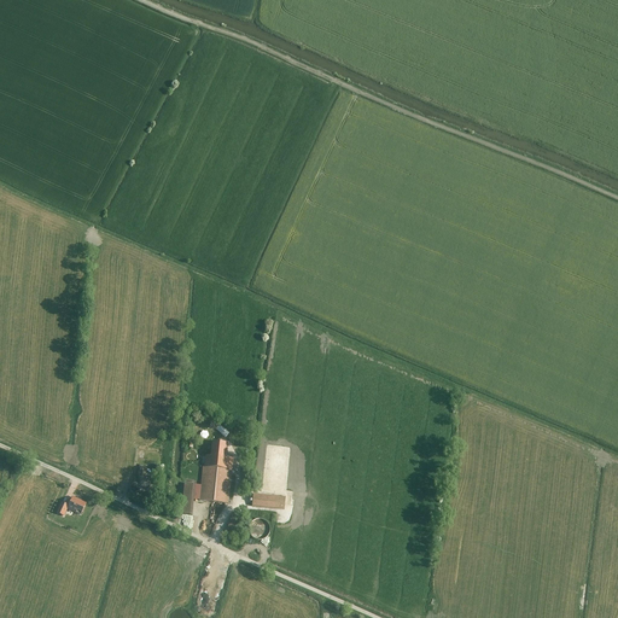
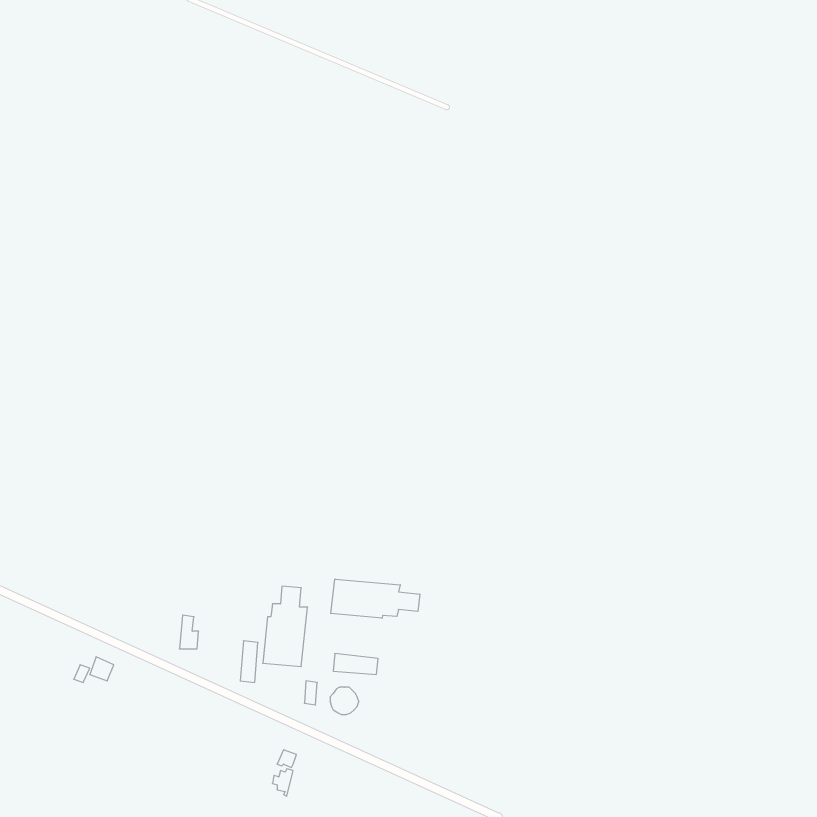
building: none -> [331,579,420,618]

